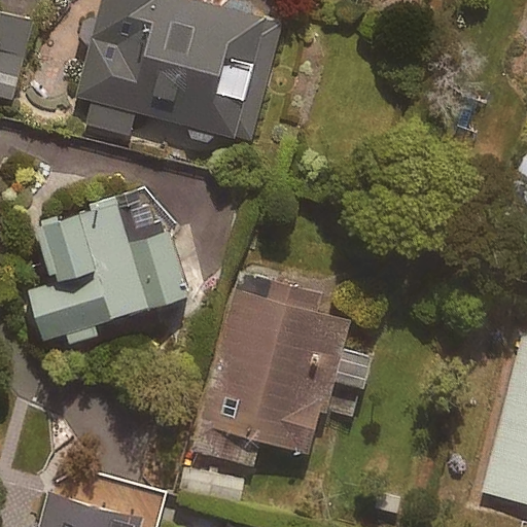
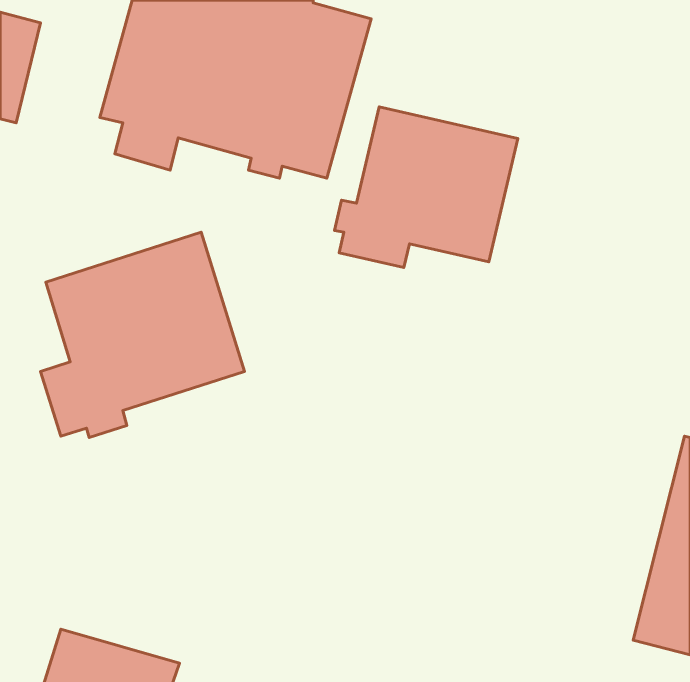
building: none -> [335,107,518,268]
building: [197,273,371,464] -> none

